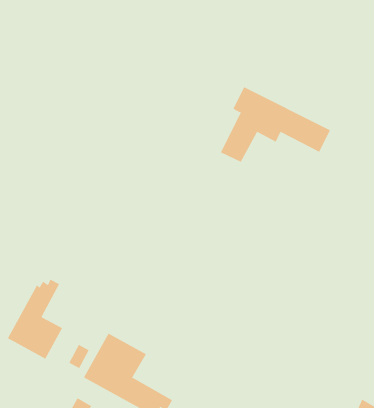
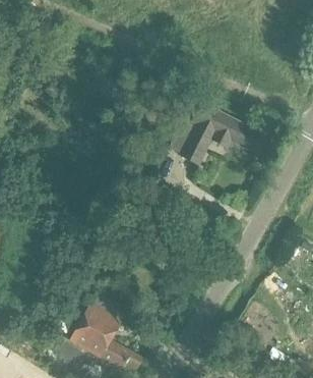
building: [7,279,63,359] -> none

